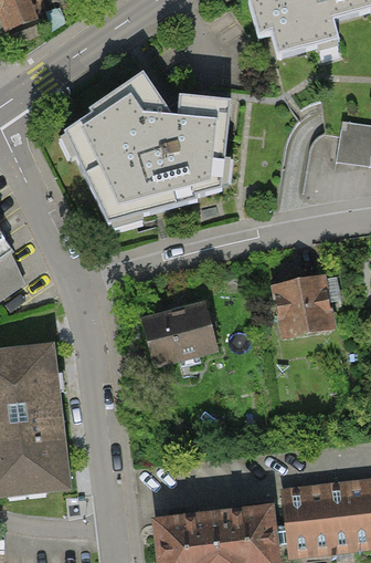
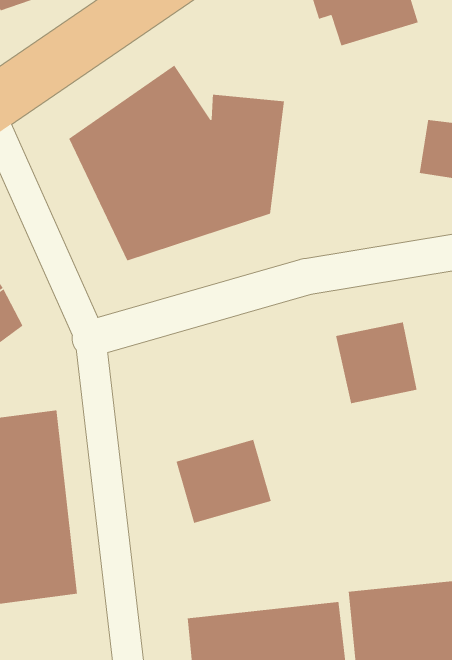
building: [141,301,218,368] -> [175,439,272,524]

